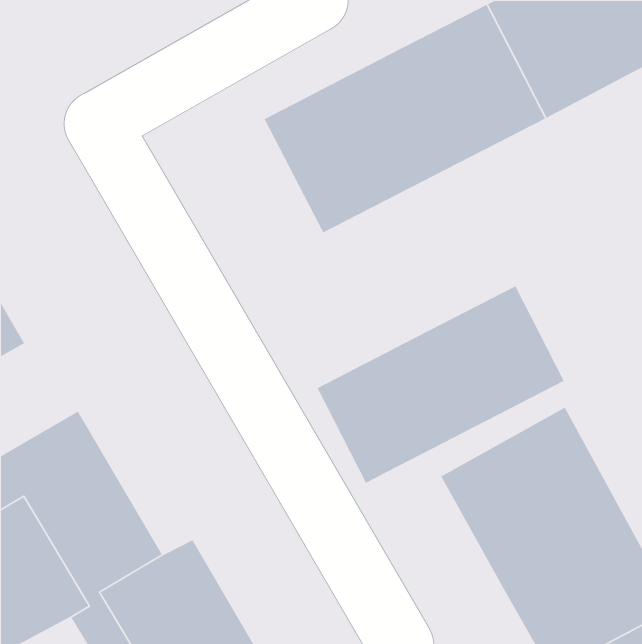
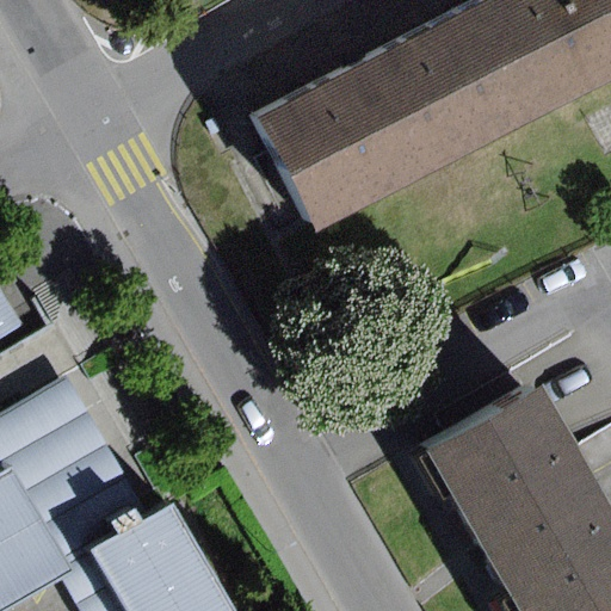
building: [317,285,565,484] -> none

